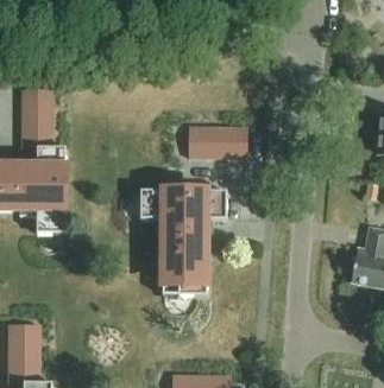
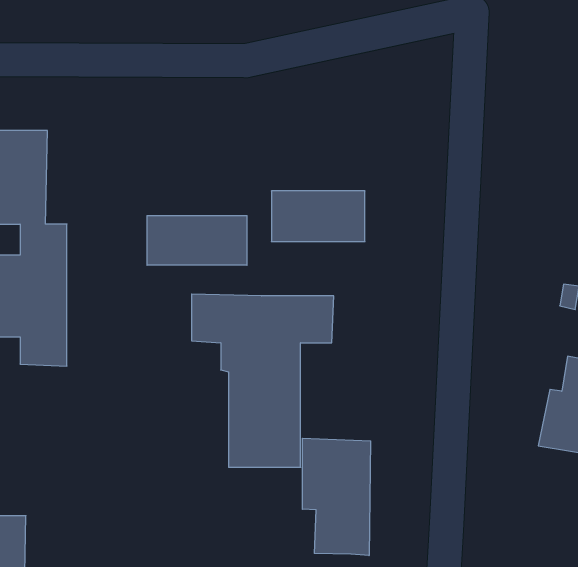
building: none -> [147,216,247,265]
building: none -> [302,438,371,556]

